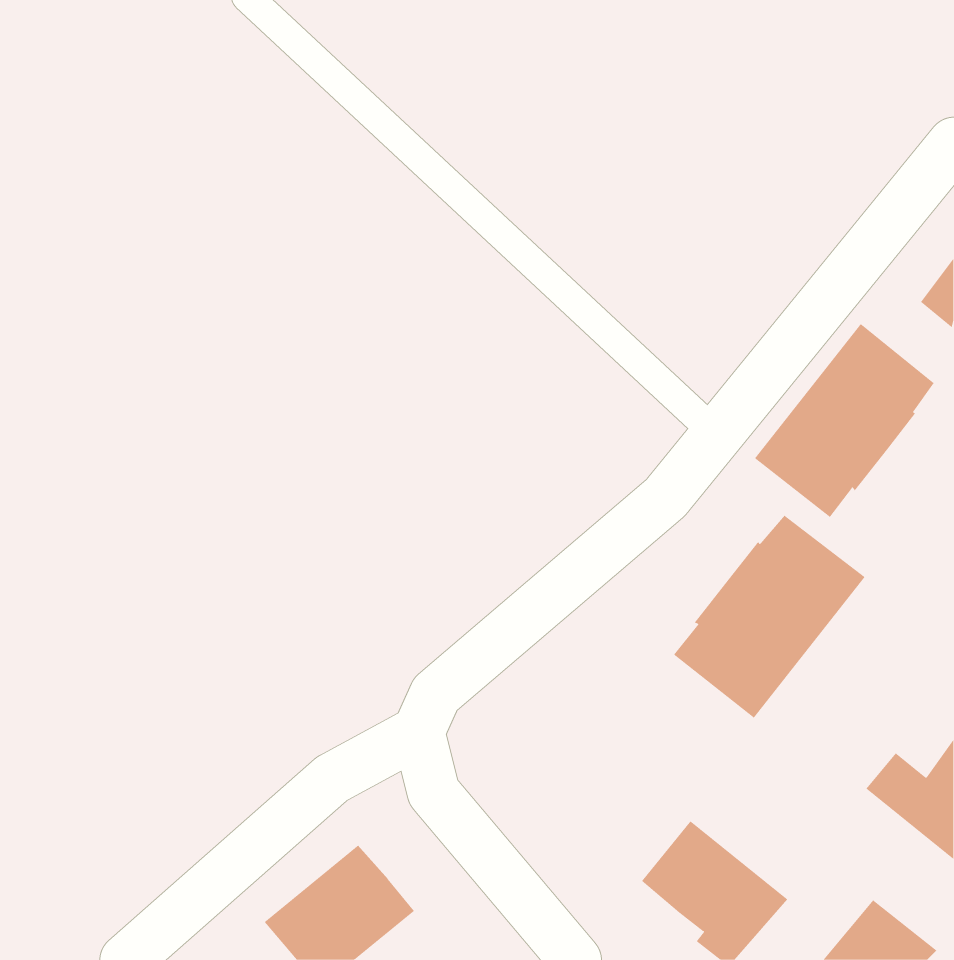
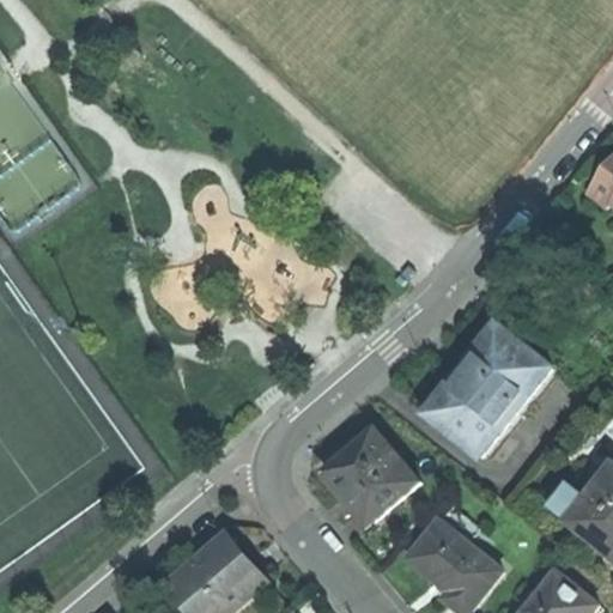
building: [754,323,935,518] -> none
building: none -> [323,430,418,524]

